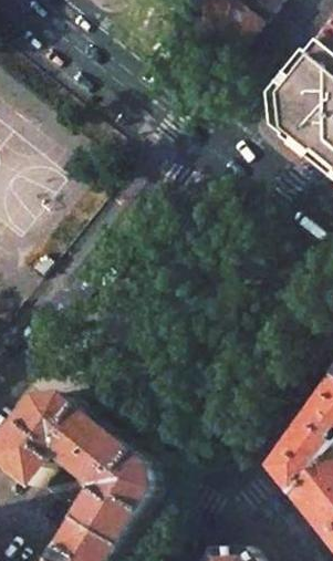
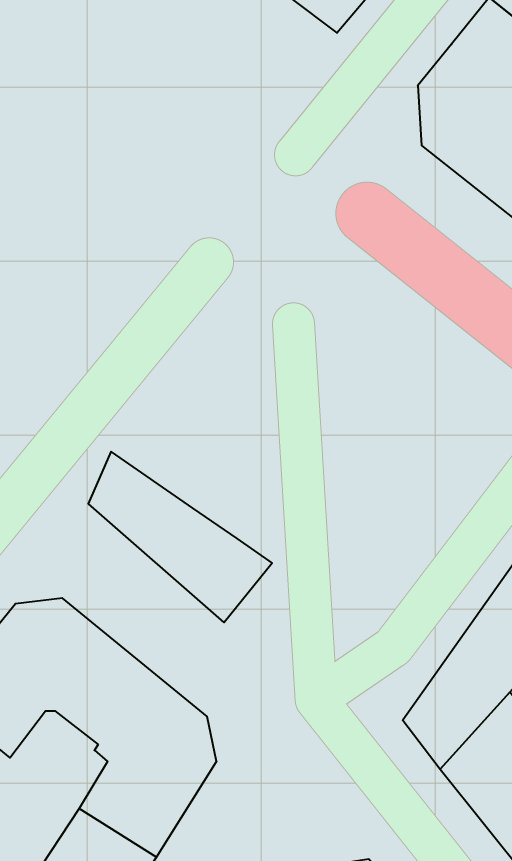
building: none -> [88,452,272,622]

